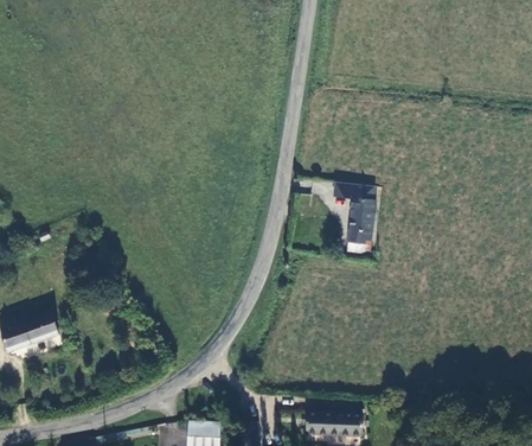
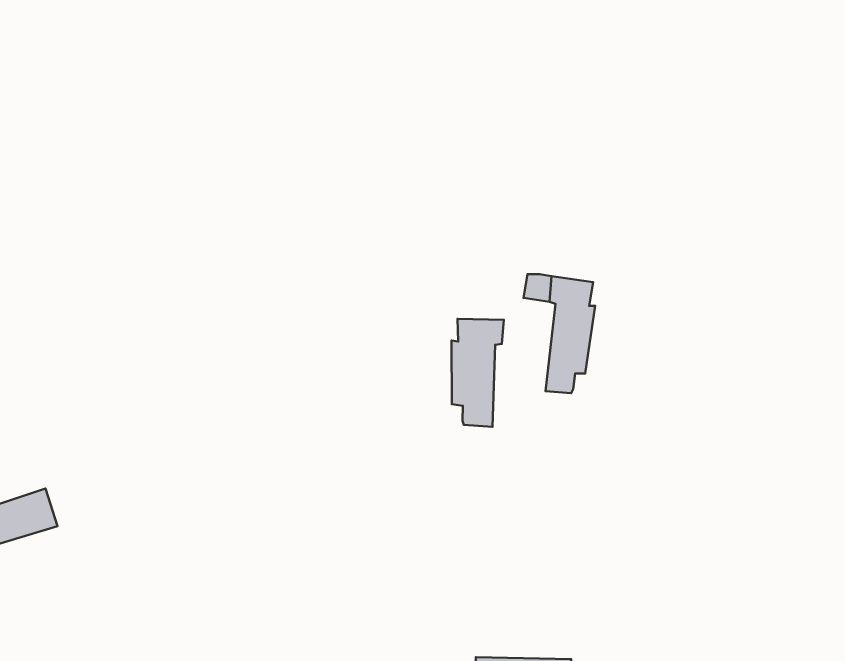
building: none -> [451,319,504,427]

